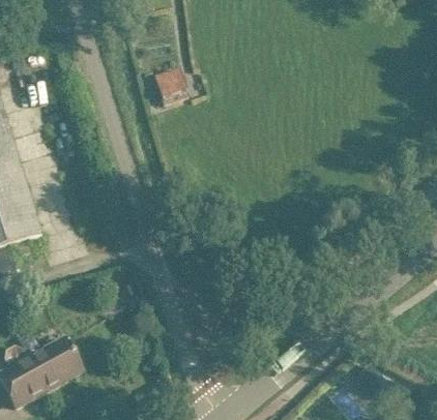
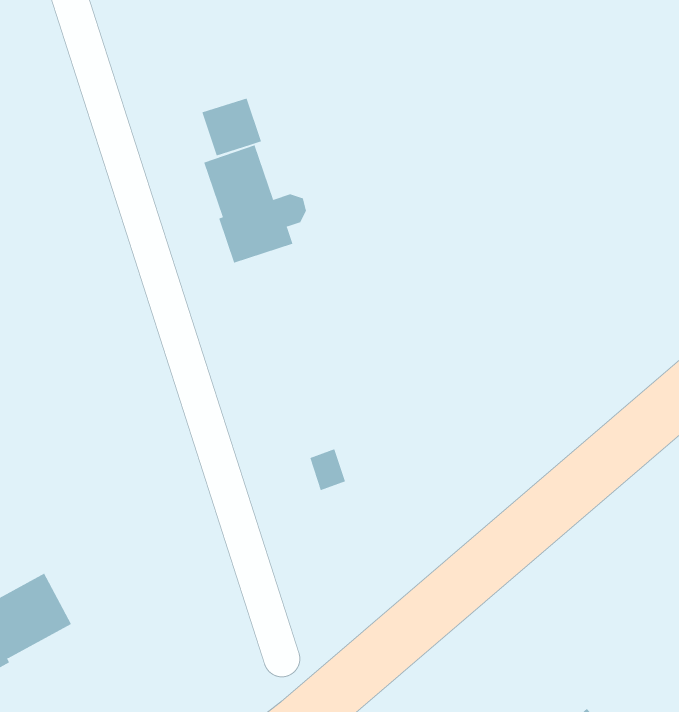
building: none -> [203,145,307,264]

